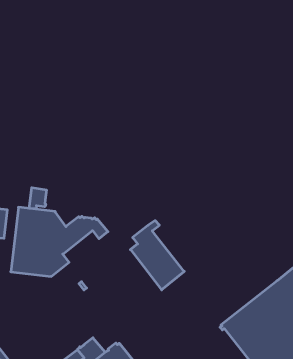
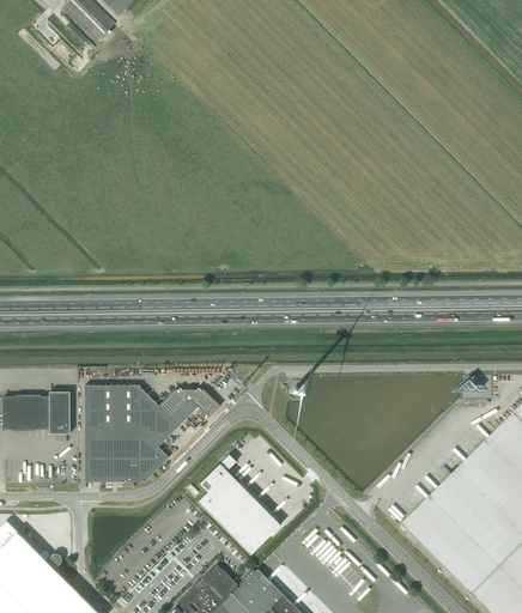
building: [29,188,46,209] -> none
building: [130,221,184,290] -> [198,455,280,556]

